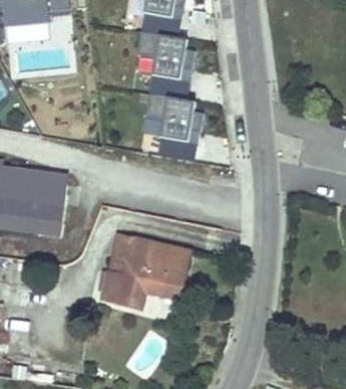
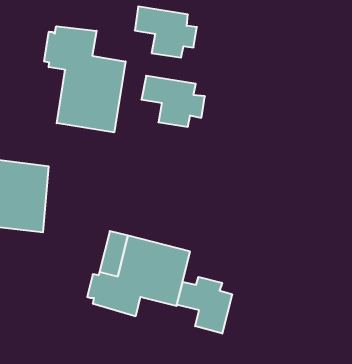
building: none -> [44,26,126,132]
building: none -> [177,277,232,334]

